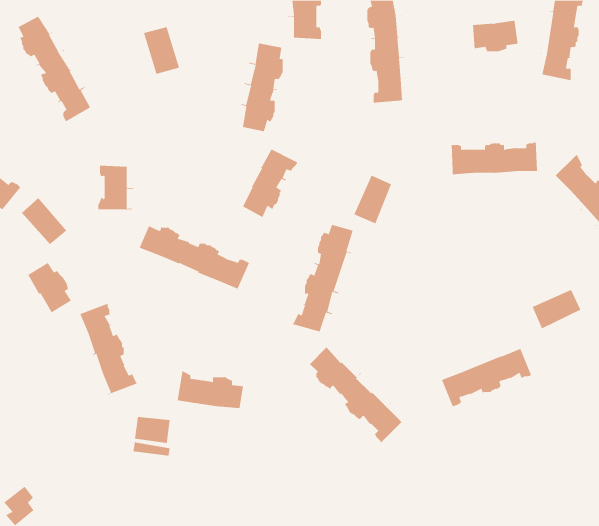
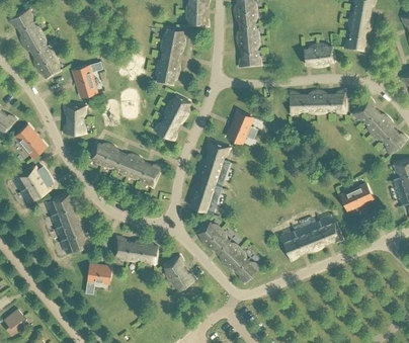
building: [472,17,518,52] -> [304,44,333,66]
building: [143,27,180,74] -> [73,66,96,96]
building: none -> [163,257,193,290]

